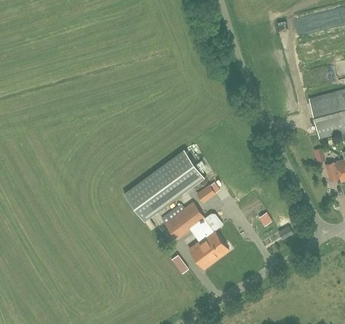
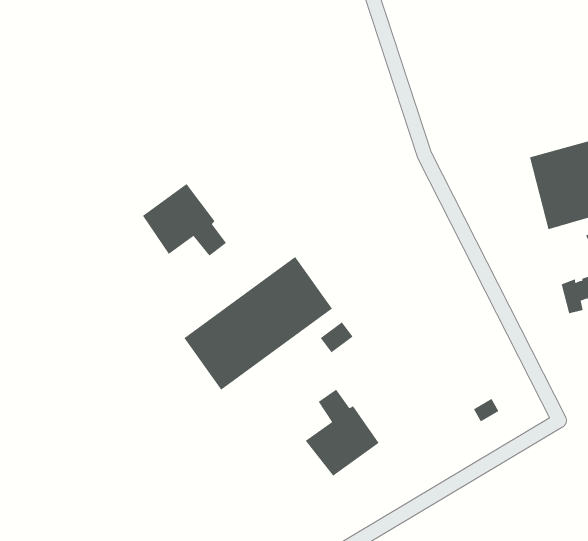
building: none -> [142,183,227,256]
building: [165,203,205,240] -> none

